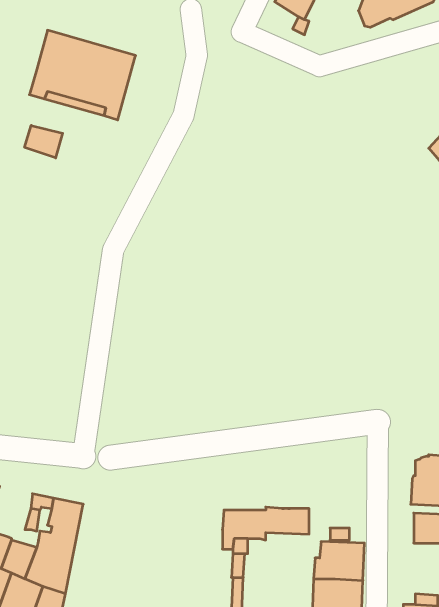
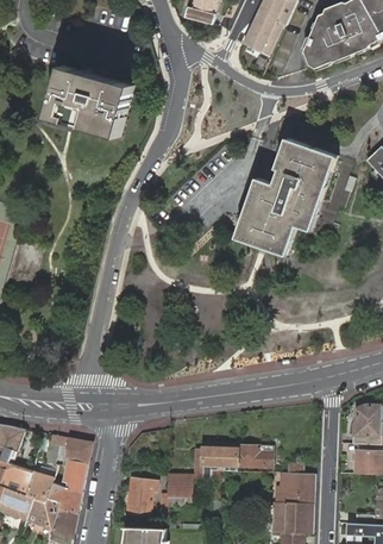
building: none -> [236,137,337,255]
building: [25,125,63,158] -> none
building: none -> [167,475,190,498]
building: none -> [125,477,156,515]

